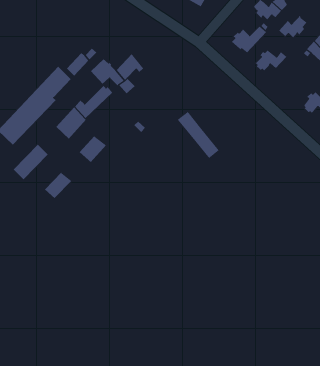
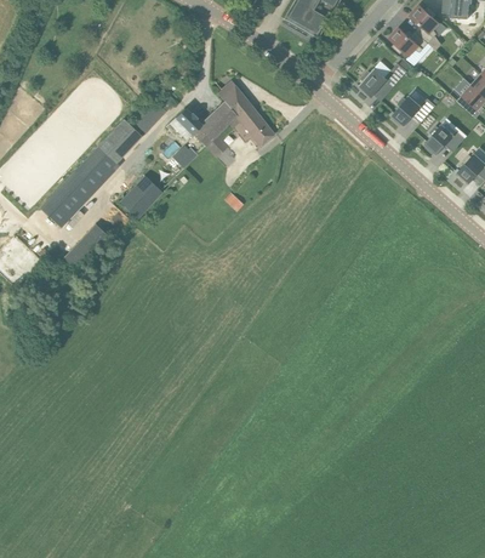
building: [278,15,307,38] -> none
building: none -> [424,124,464,154]
building: [177,111,219,159] -> [216,80,274,146]
building: [79,135,107,163] -> none
building: [44,172,72,199] -> none

